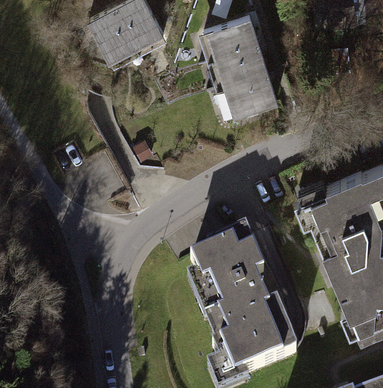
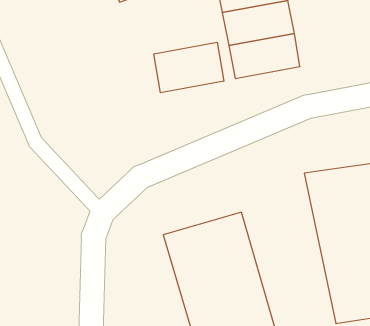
building: none -> [154,42,224,93]

